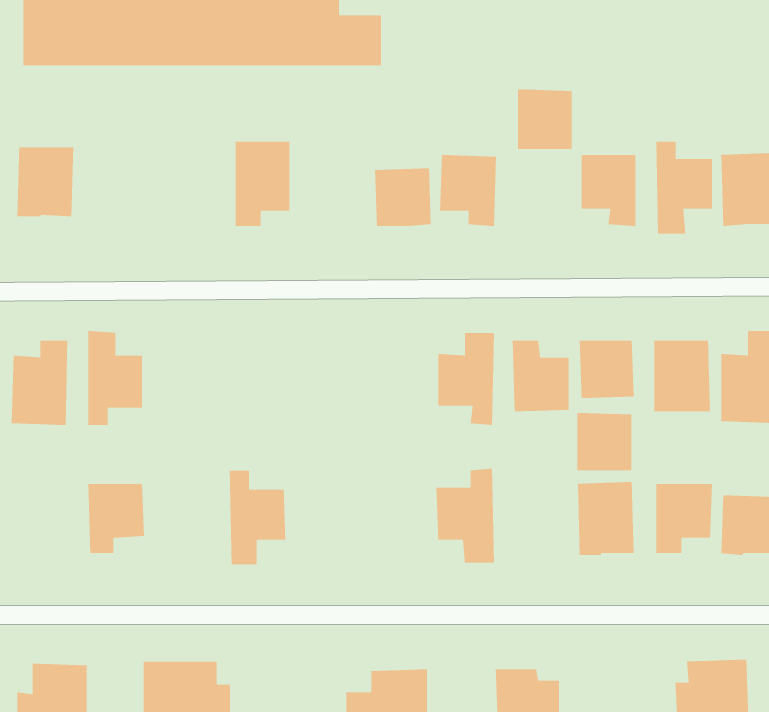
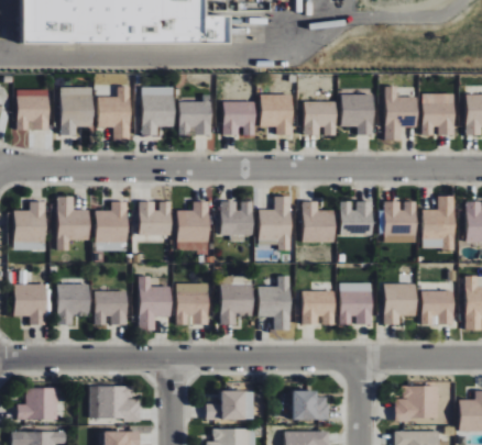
building: [517,89,573,150] -> [304,101,336,136]
building: none -> [61,87,94,135]
building: none -> [98,87,131,142]
building: none -> [178,94,211,135]
building: none -> [95,201,129,252]
building: none -> [139,201,172,235]
building: none -> [177,201,209,251]
building: none -> [220,201,253,235]
building: [577,412,632,471] -> [303,290,335,324]
building: none -> [176,282,209,325]
building: none -> [14,283,46,325]
building: none -> [220,283,254,324]
building: none -> [95,291,128,324]

